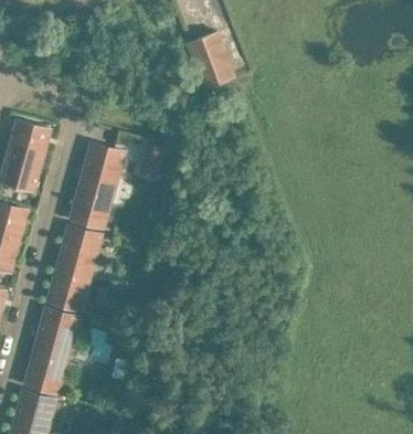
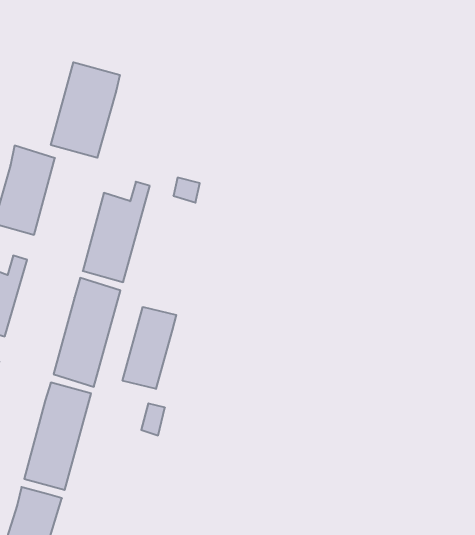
building: [189,32,234,87] -> none
building: none -> [51,62,120,158]
building: none -> [123,307,176,389]

